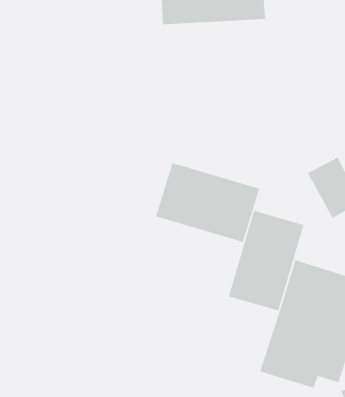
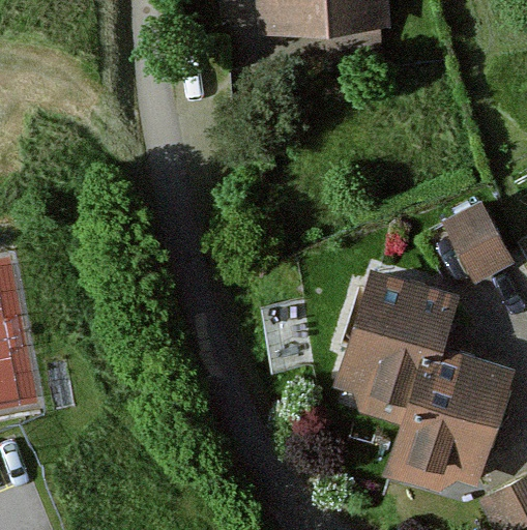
building: [155,162,260,243] -> none

